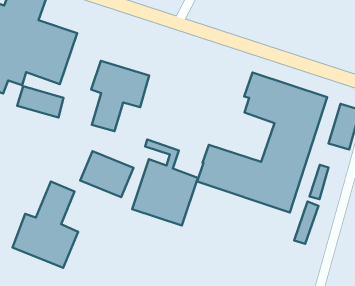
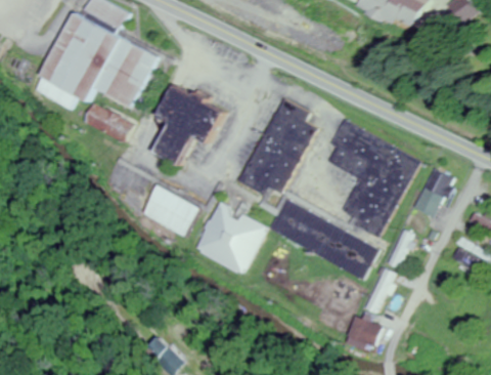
building: none -> [236,97,313,197]
building: [13,182,78,268] -> none
building: none -> [346,314,385,352]

